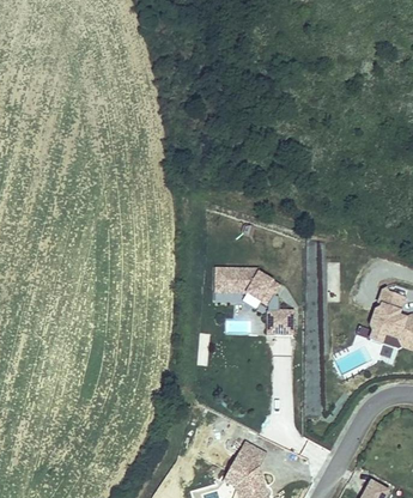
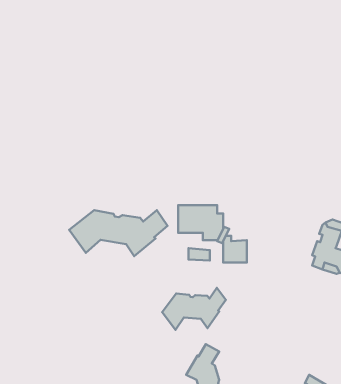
building: none -> [69,210,168,256]
building: none -> [162,288,226,330]

